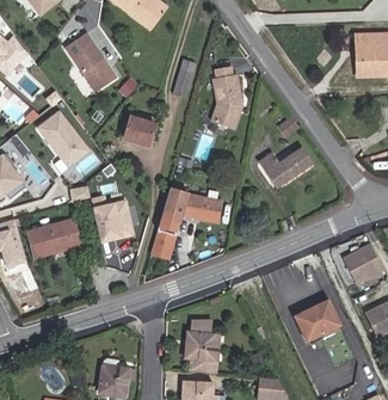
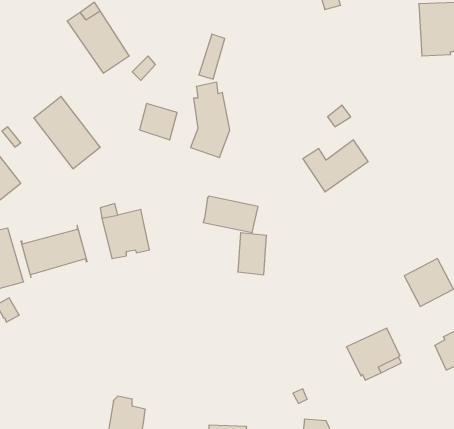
building: [210,66,242,128] -> [191,82,230,158]
building: [153,223,177,258] -> [238,233,267,275]
building: [184,319,217,373] -> none

